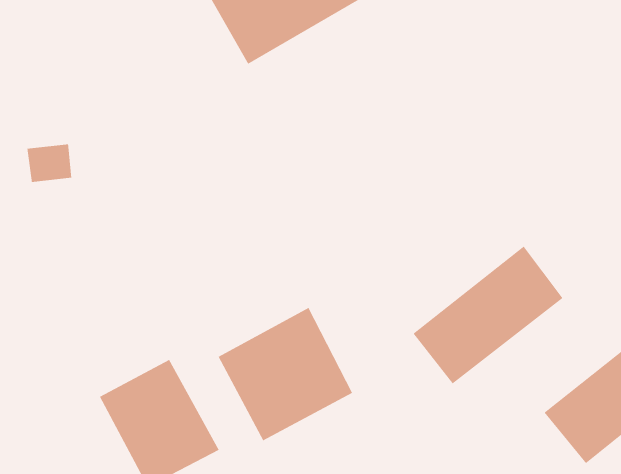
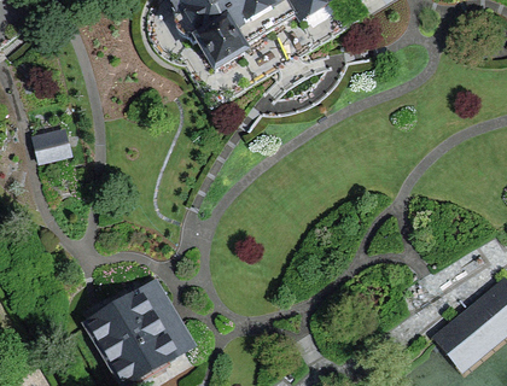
building: [412,246,563,384] -> none
building: [218,307,353,441] -> none

